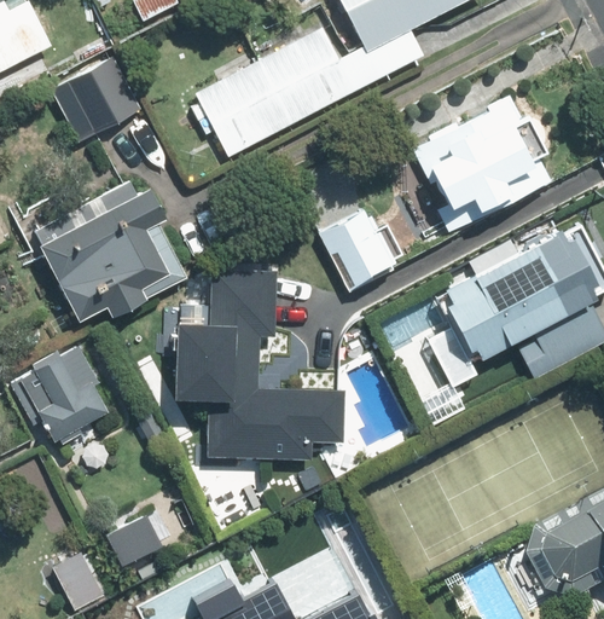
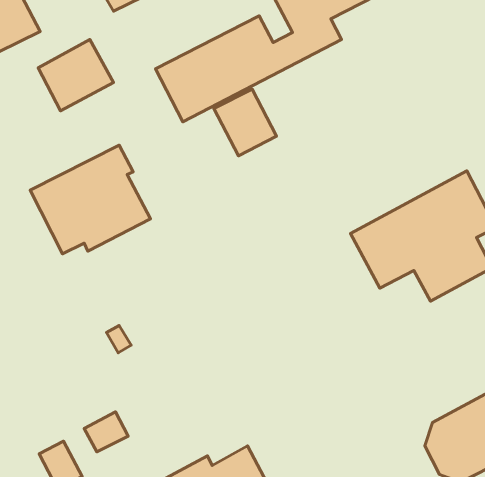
building: [407,99,551,231] -> none
building: [318,209,395,291] -> [214,89,277,156]
building: [173,267,345,459] -> none
building: [10,346,110,439] -> none

